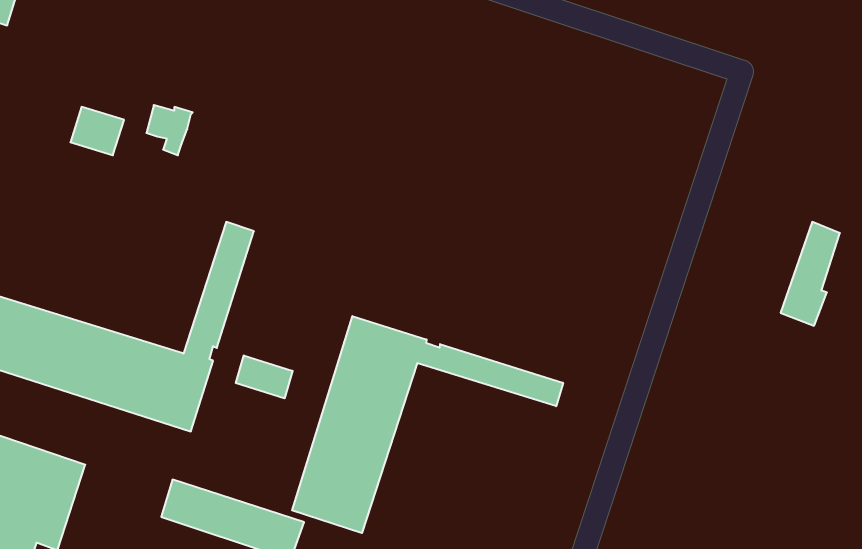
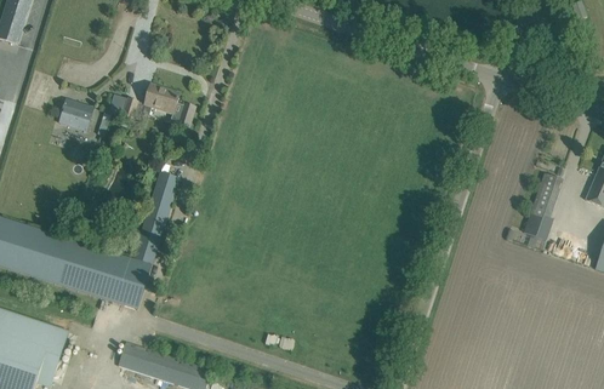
building: none -> [143,85,195,130]
building: [292,316,563,533] -> none
building: [236,355,293,398] -> none

